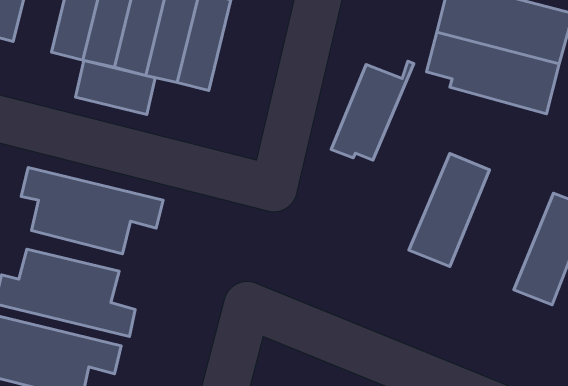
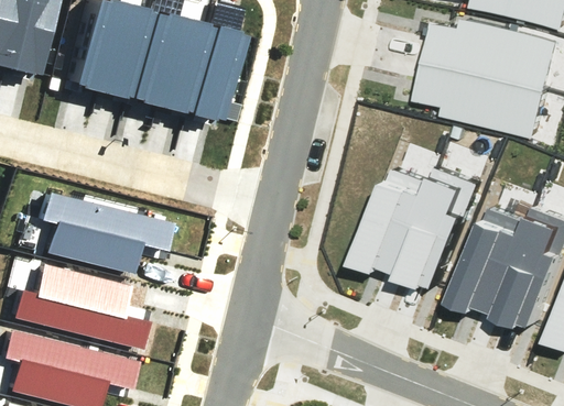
building: [75,60,155,115] -> none
building: [331,61,414,160] -> [364,175,442,268]
building: none -> [462,211,540,306]

